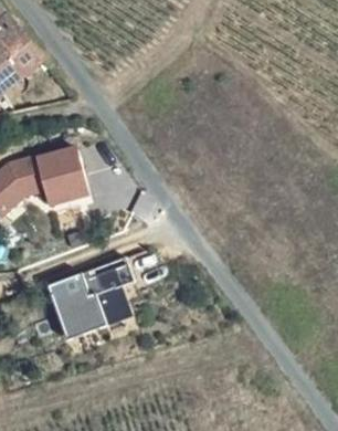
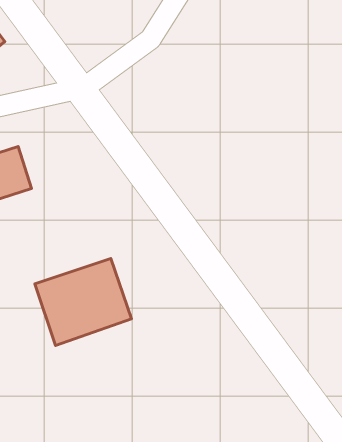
building: [38,143,95,208] -> none

